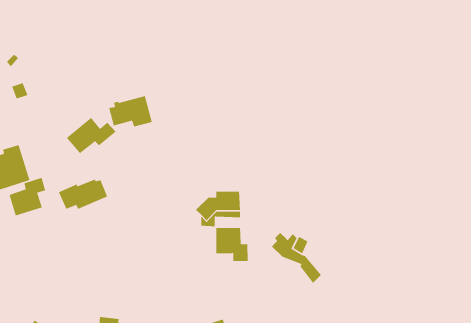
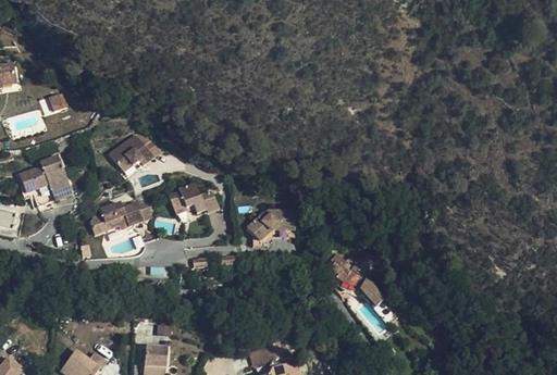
building: [108,95,153,128] -> [172,182,220,216]
building: [8,177,46,217] -> none
building: [216,227,248,262] -> none

